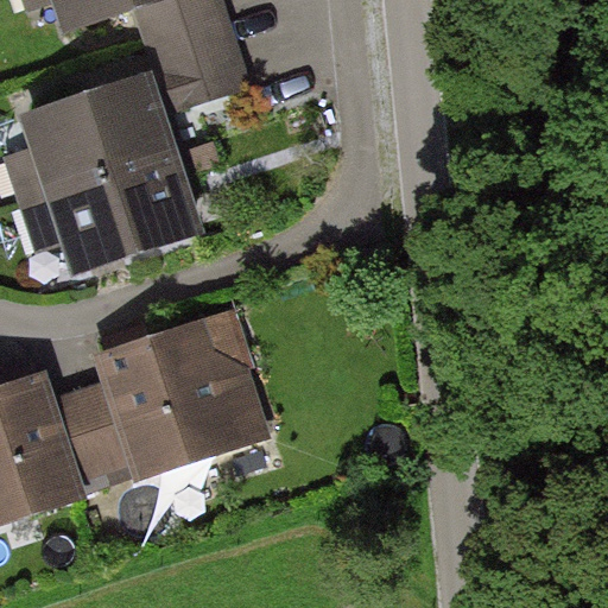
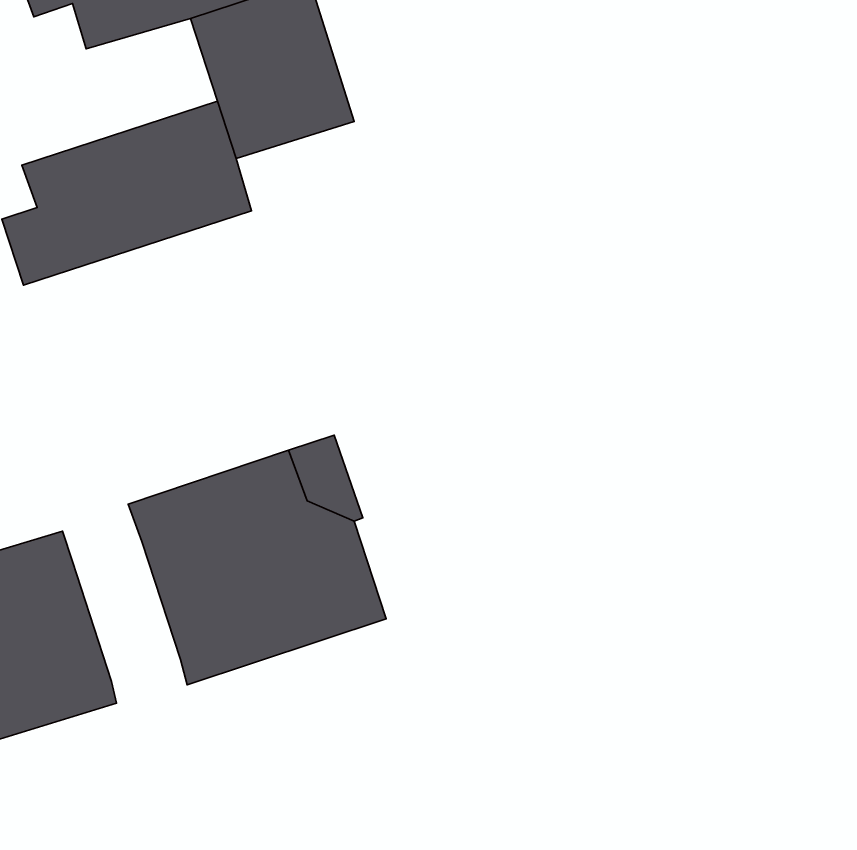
building: [17,148,207,280] -> none
building: [51,381,127,480] -> none

